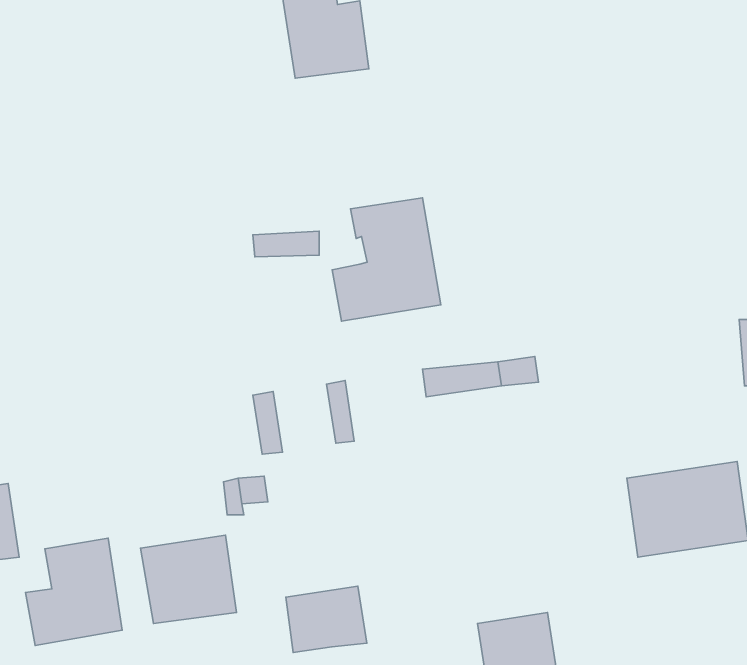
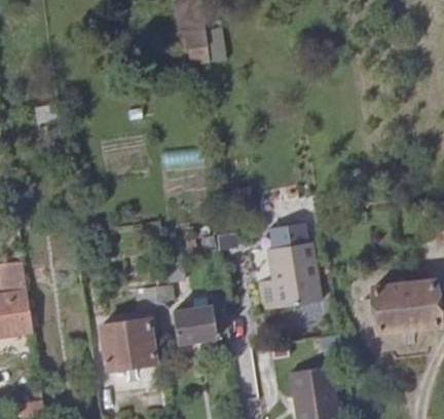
building: [332,198,441,321] -> [258,241,319,310]
building: [25,538,122,645] -> none
building: [286,586,367,652] -> [173,306,218,343]

